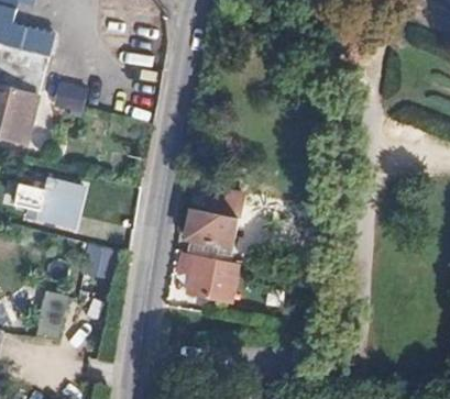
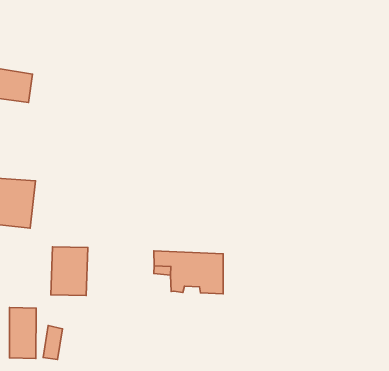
building: [185,190,240,250] -> none

